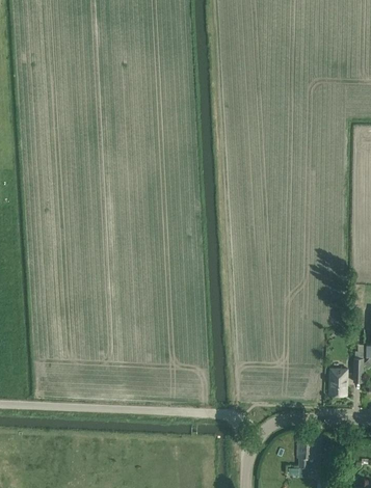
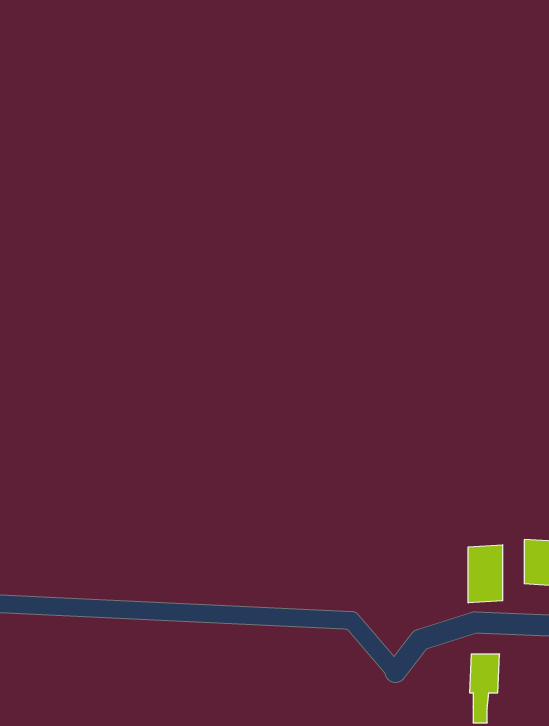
building: none -> [468,545,503,603]

